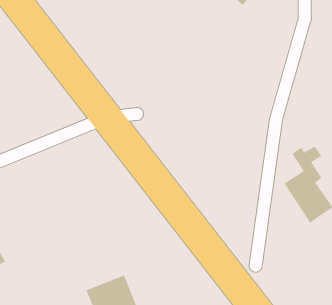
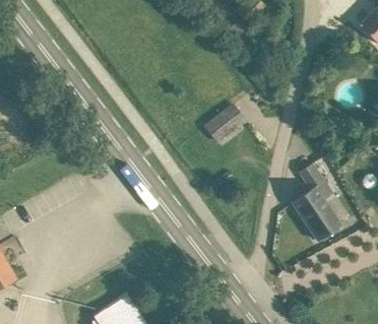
building: none -> [205,105,246,142]

